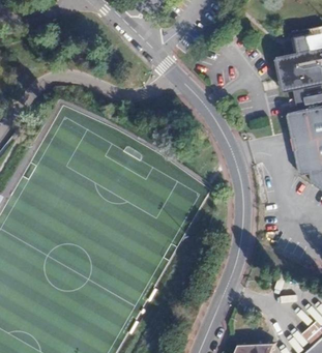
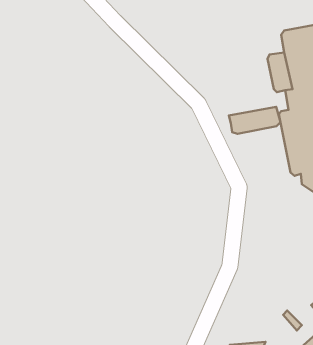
building: none -> [229,107,280,134]

